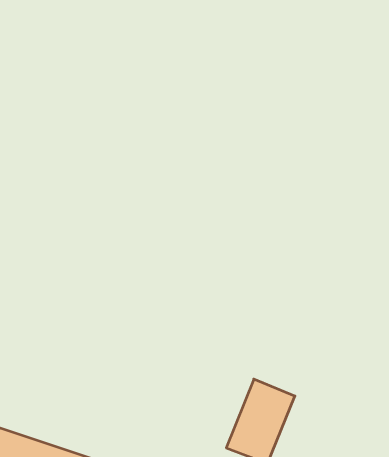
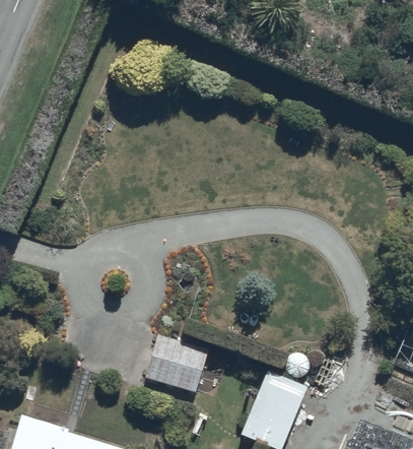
building: none -> [145,335,209,393]

